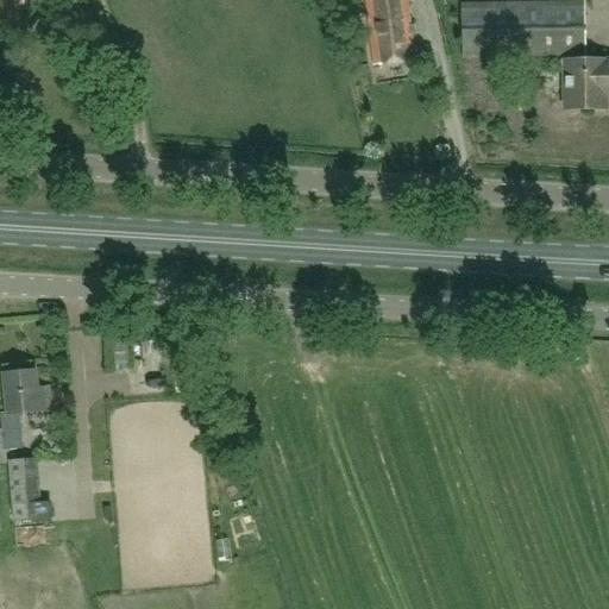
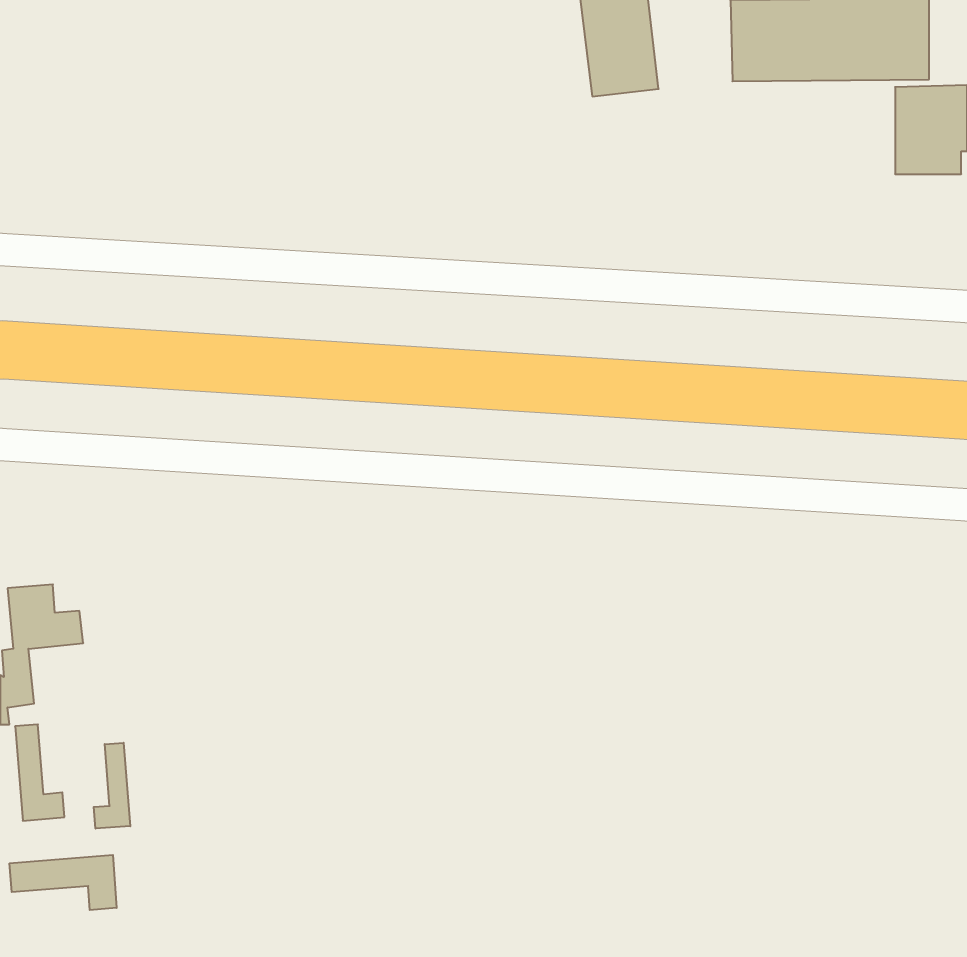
building: none -> [94,743,130,829]
building: none -> [10,855,117,910]

